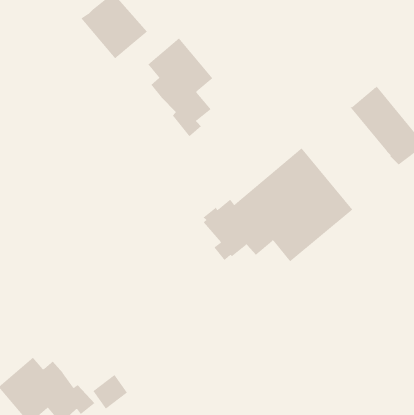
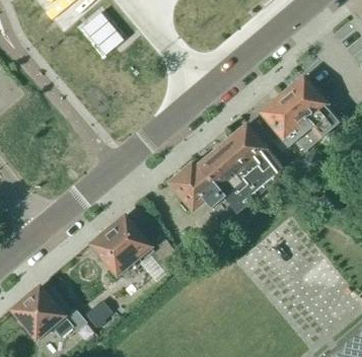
building: [147,38,213,137] -> none
building: none -> [262,93,320,150]
building: none -> [91,215,184,274]

